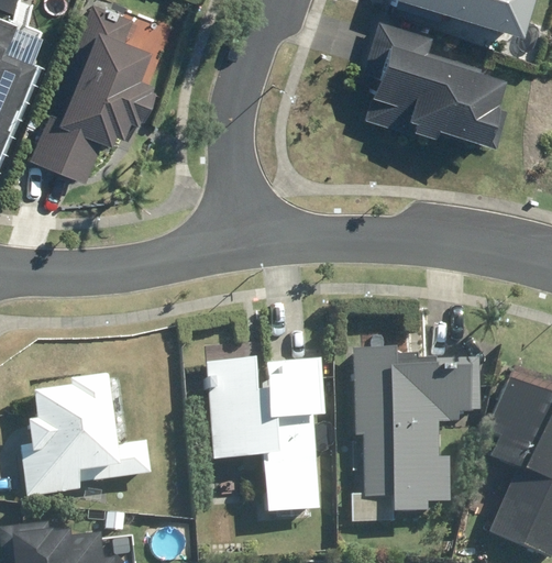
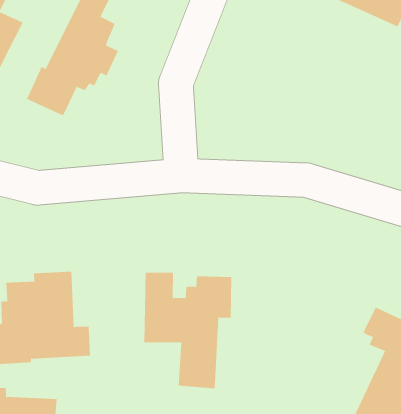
building: [355,22,506,142] -> none
building: [357,358,468,511] -> none

